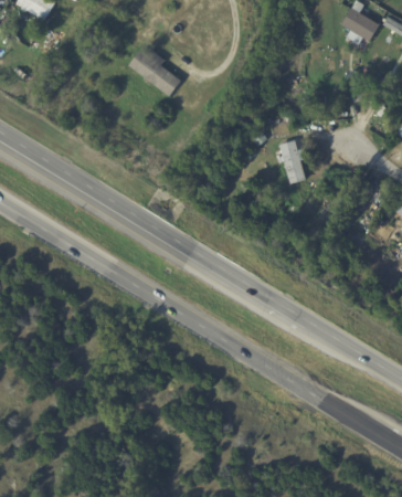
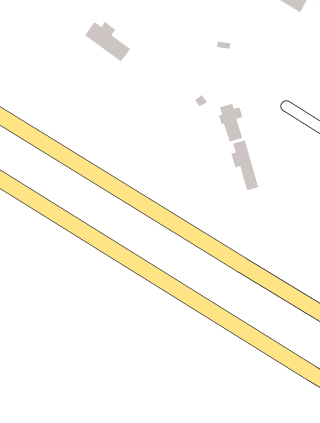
building: none -> [231,140,259,191]

